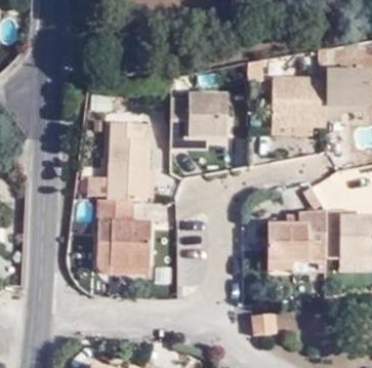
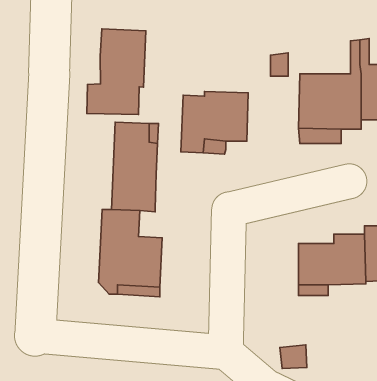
building: none -> [87,29,146,115]

